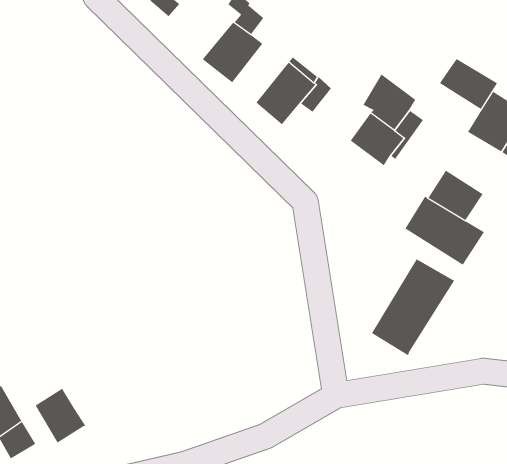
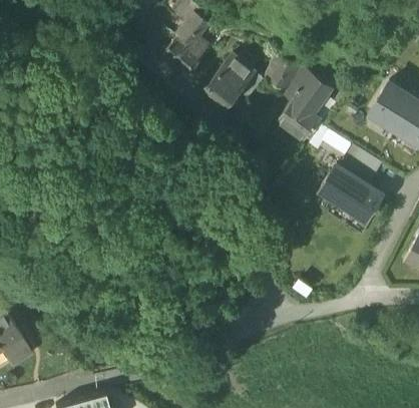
building: none -> [265,54,302,91]
building: [439,58,498,110] -> none
building: [371,258,455,356] -> none
building: [35,388,86,443] -> none

